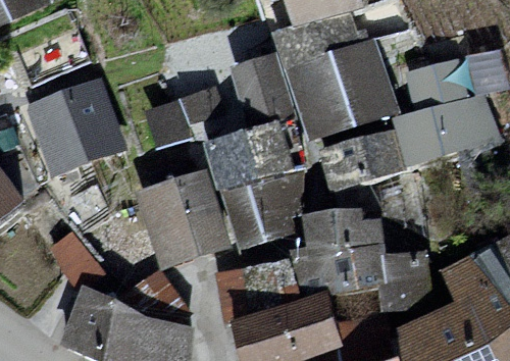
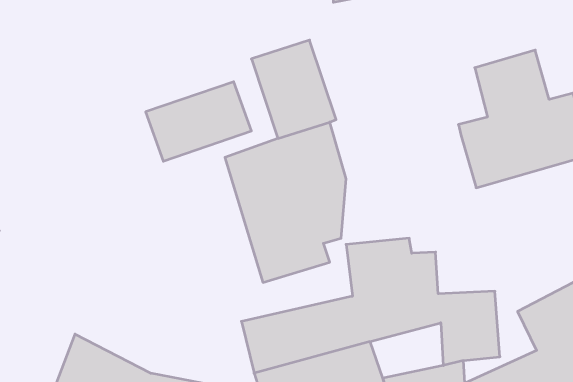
building: [289,43,395,138] -> none
building: [33,84,121,170] -> none
building: [320,127,409,192] -> none
building: [138,170,227,267] -> none

